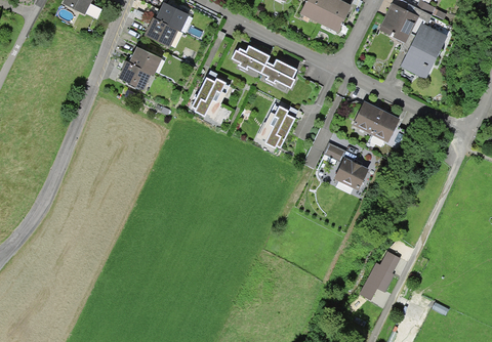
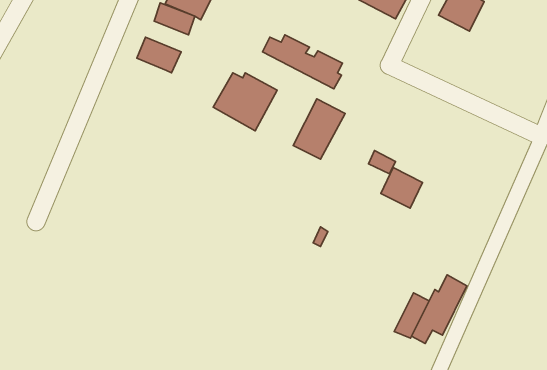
building: [399,24,448,80] -> none
building: [118,63,153,89] -> none
building: [355,102,402,141] -> none
building: none -> [394,293,429,338]

